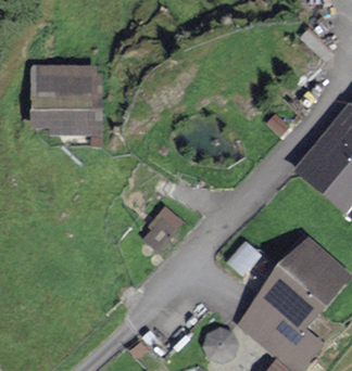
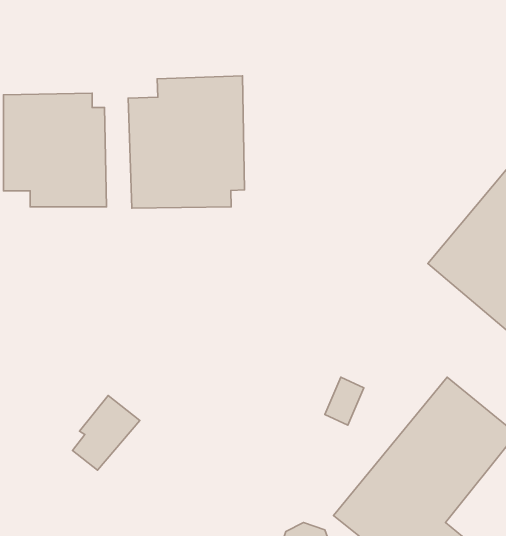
building: none -> [128,76,245,208]
building: [141,205,183,251] -> [73,396,140,470]

